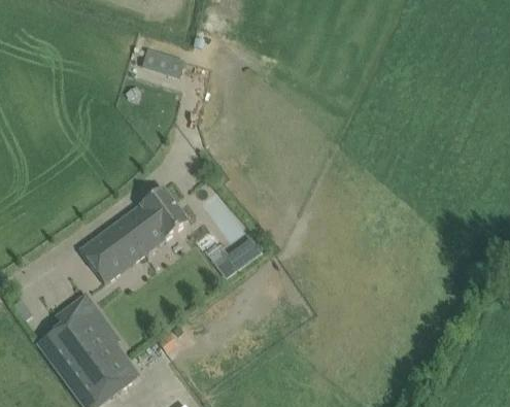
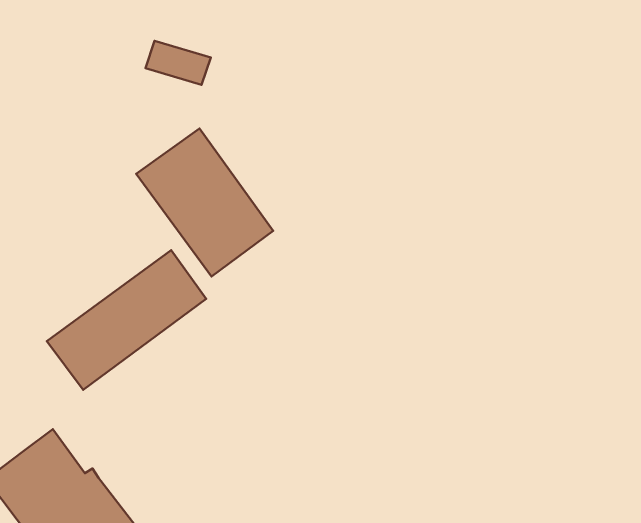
building: none -> [136,128,273,277]
building: [226,237,261,270] -> none

